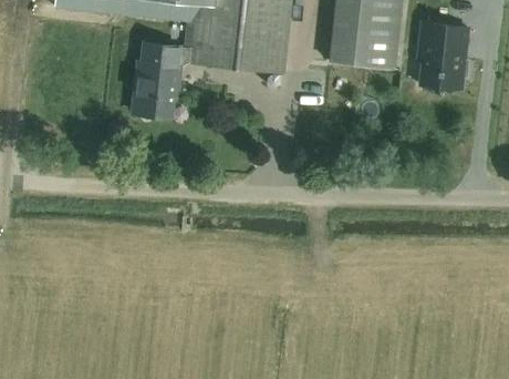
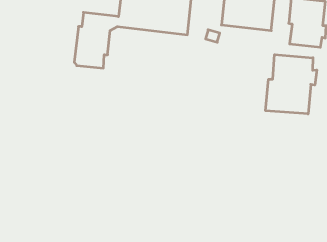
building: none -> [266,55,317,114]

